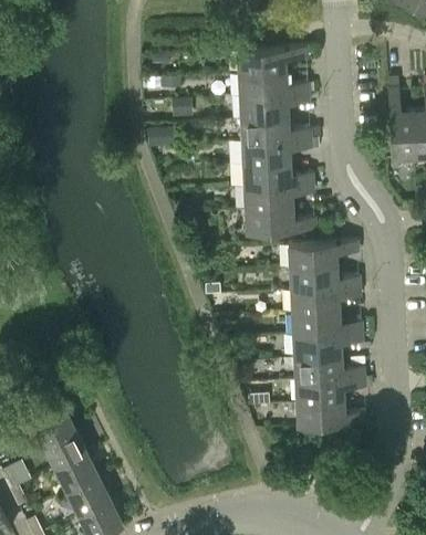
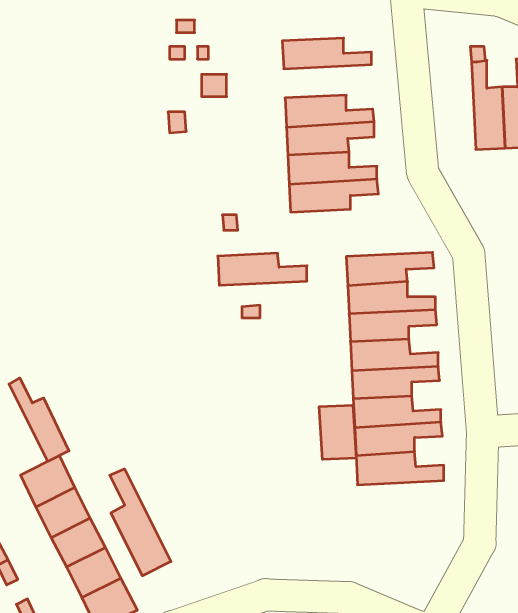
building: [237,48,306,74] -> none
building: [239,93,310,119] -> none
building: [245,208,315,233] -> [218,253,307,285]
building: none -> [9,378,69,461]
building: none -> [319,405,356,459]
building: none -> [110,469,171,576]

